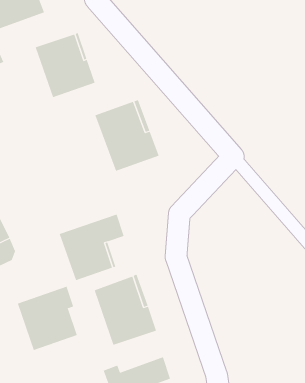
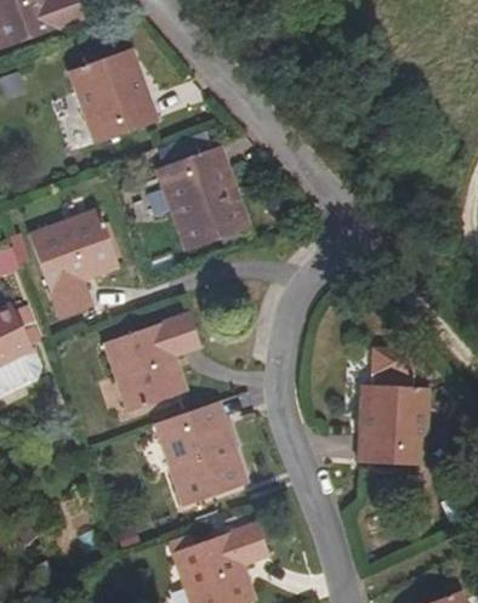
building: none -> [27,207,118,319]
building: none -> [357,348,428,465]
building: [17,286,78,351] -> none

